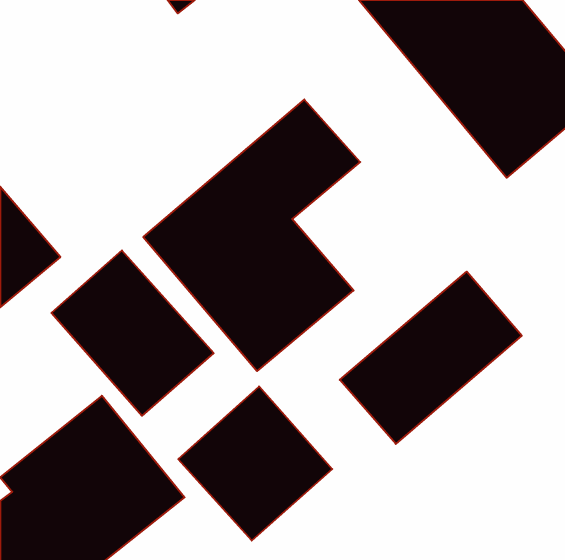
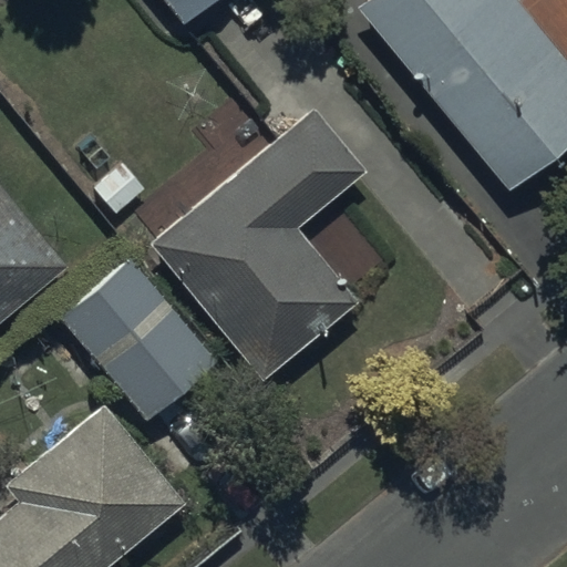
building: [340,272,522,444] -> none
building: [178,386,332,541] -> none

